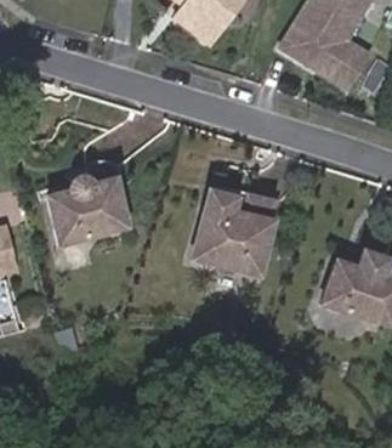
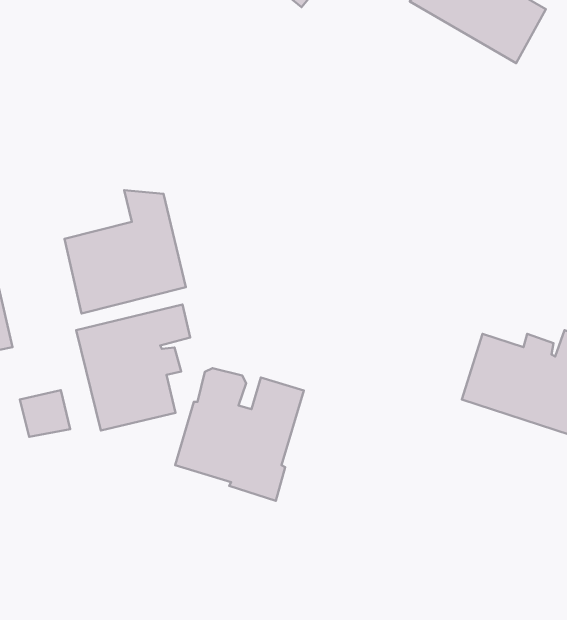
building: [194,183,278,270] -> [175,368,304,501]
building: none -> [76,305,190,430]

